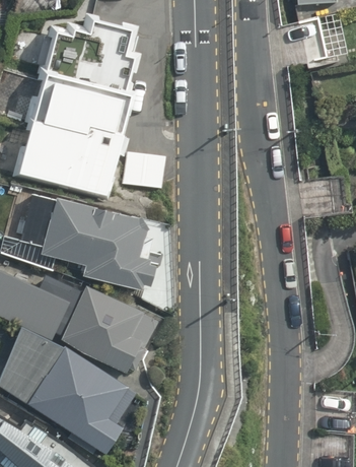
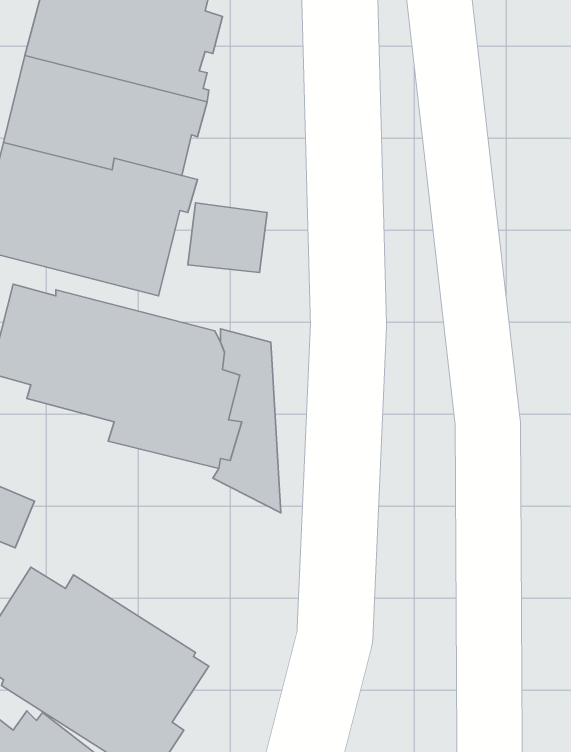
building: [48,284,152,372] -> none

